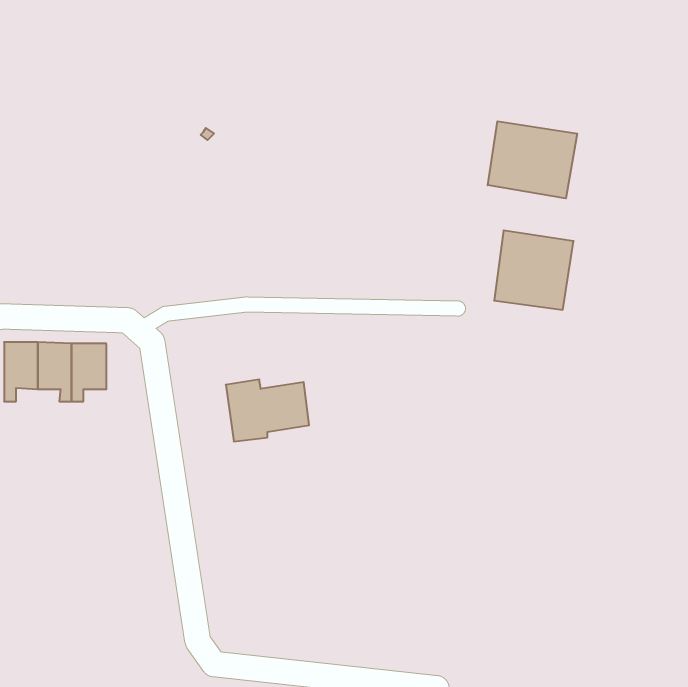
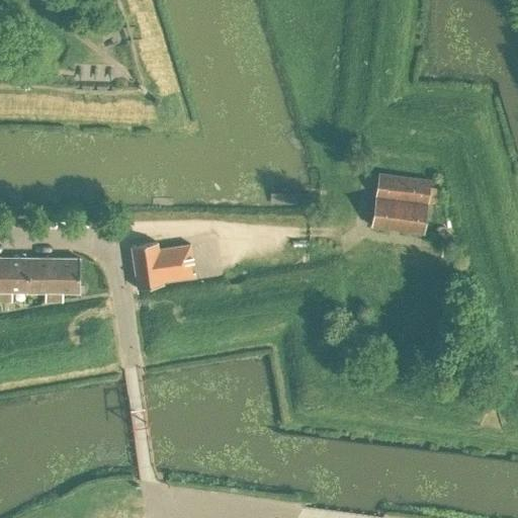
building: [488,121,577,198] -> none
building: [226,379,309,441] -> [132,243,194,289]

